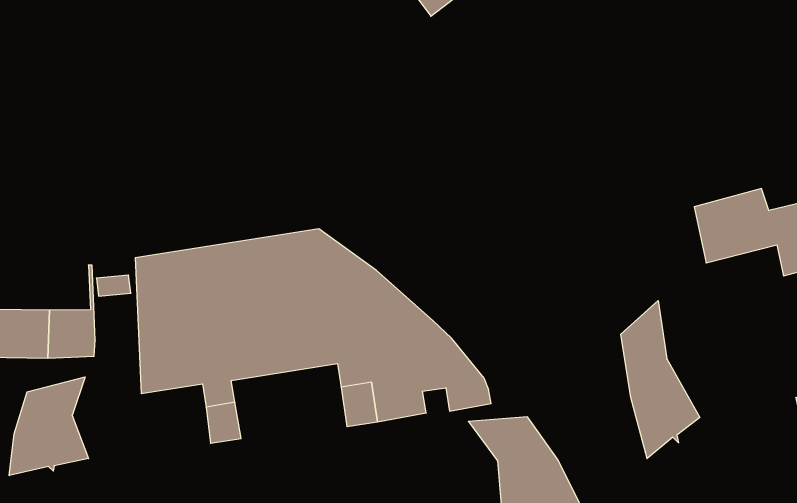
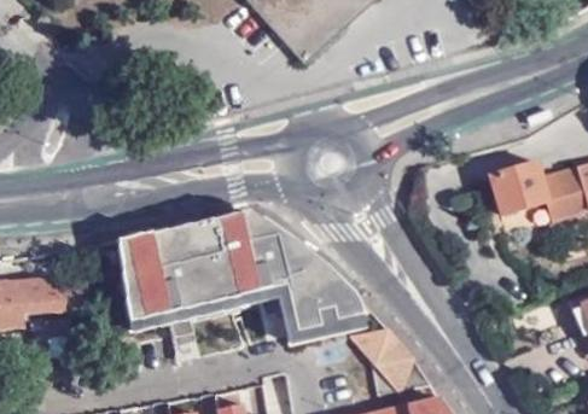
building: [621,301,700,459] -> none
building: [9,377,88,476] -> none

